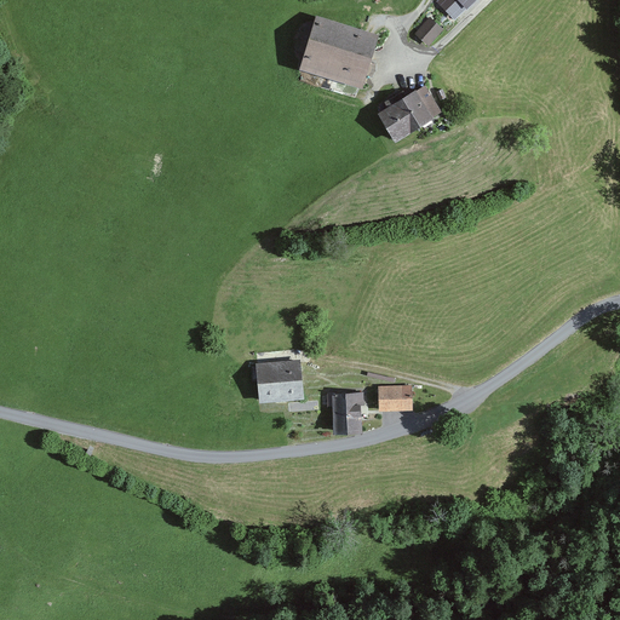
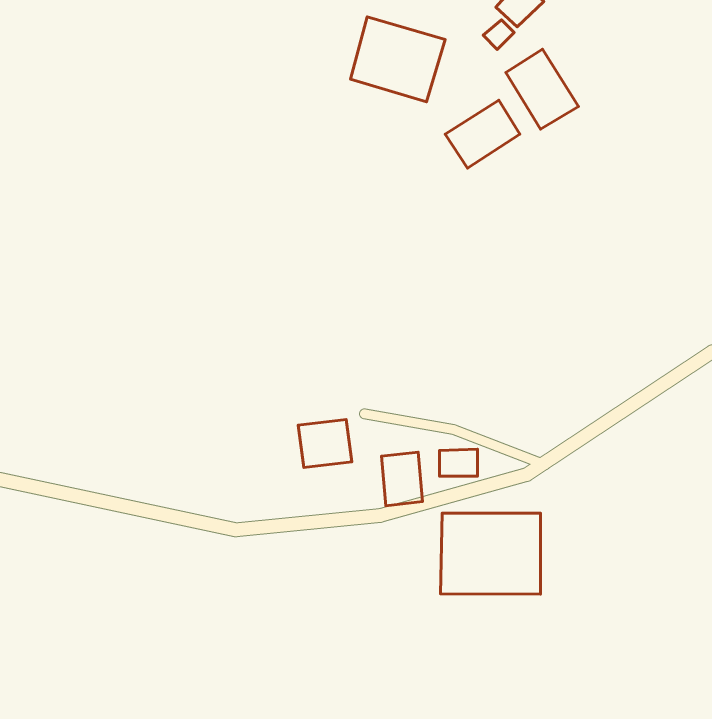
building: none -> [506,49,579,129]
building: none -> [440,513,541,594]

